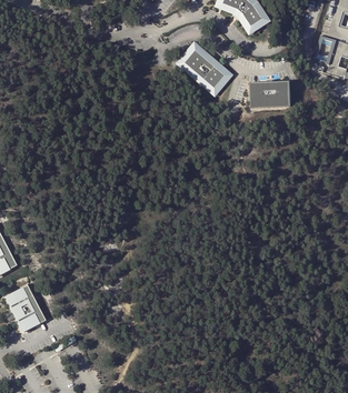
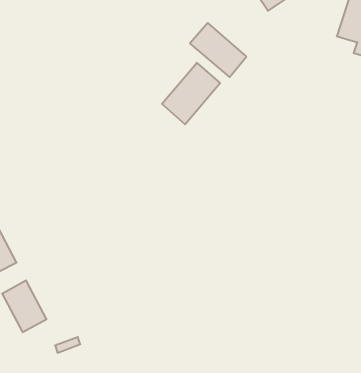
building: [250,81,290,109] -> none
building: none -> [162,63,220,124]

